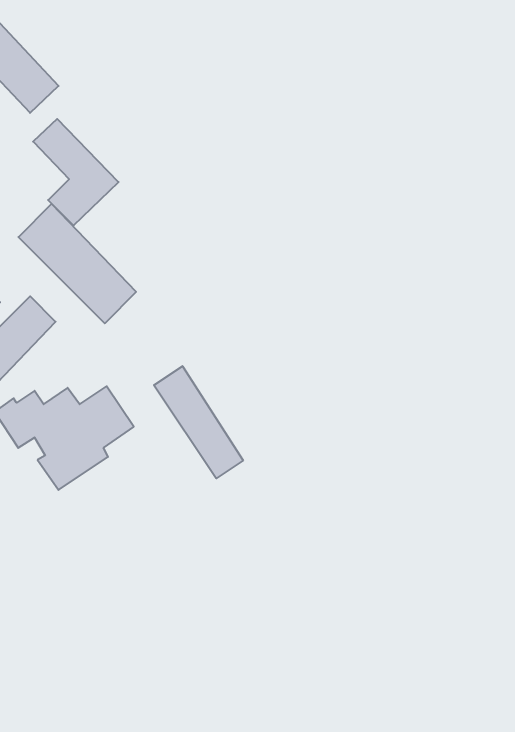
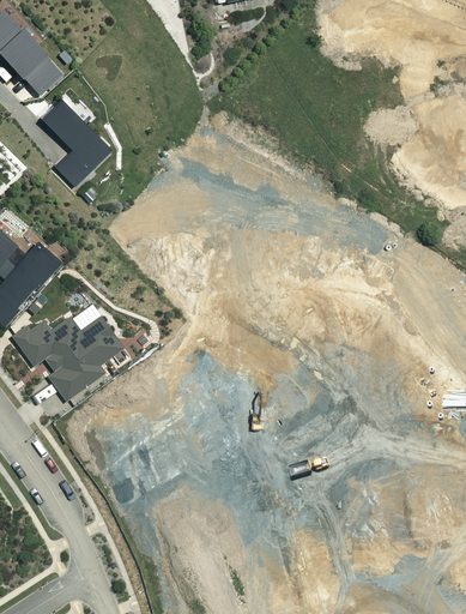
building: [18,204,136,323] -> none
building: [154,366,243,478] -> none

